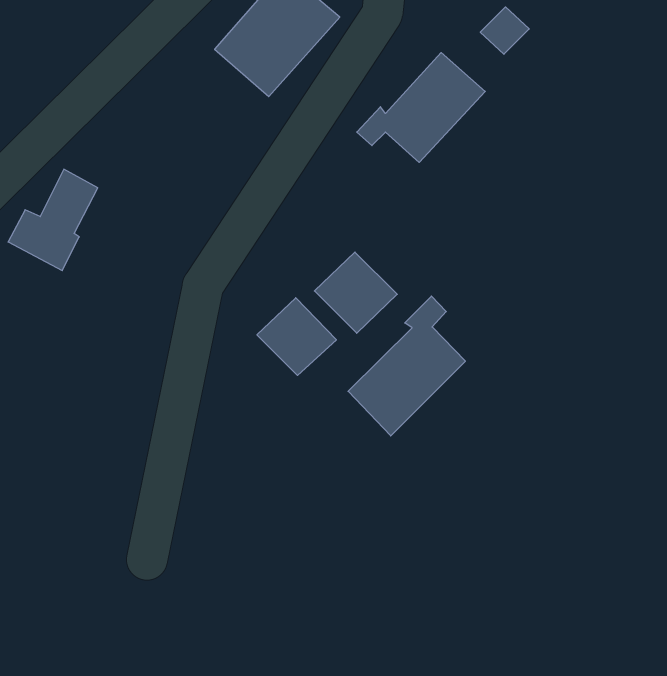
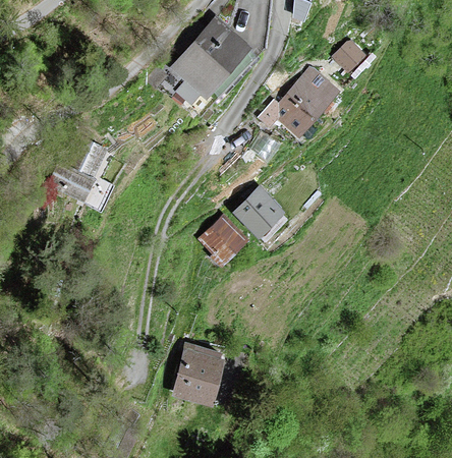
building: [348,296,465,436] -> none
building: none -> [173,345,222,402]

